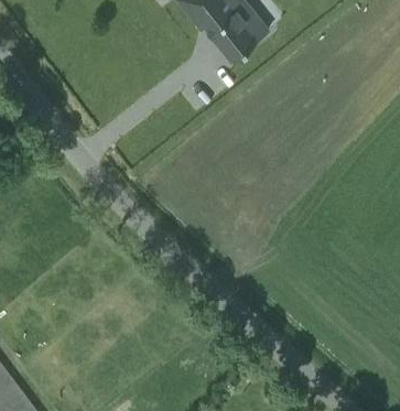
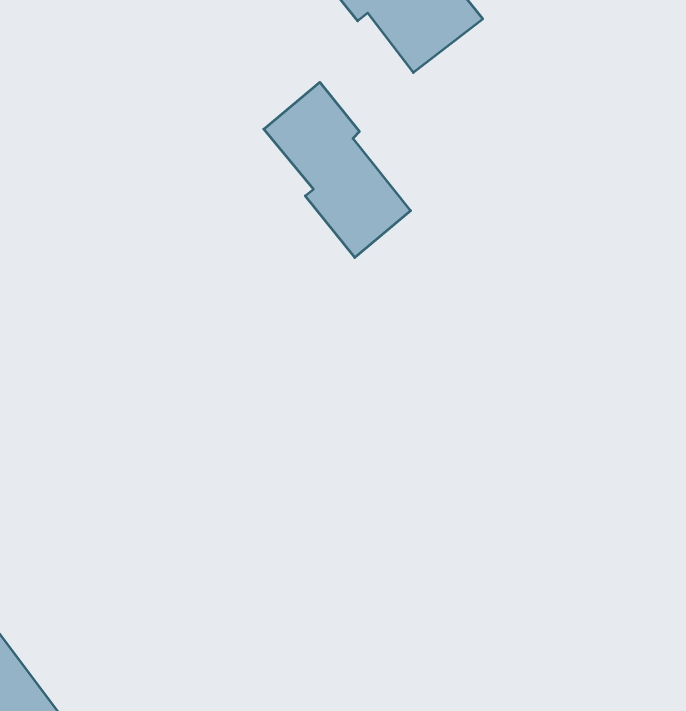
building: none -> [264,82,411,258]

